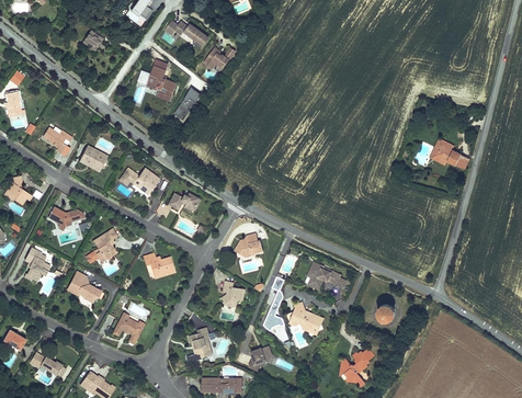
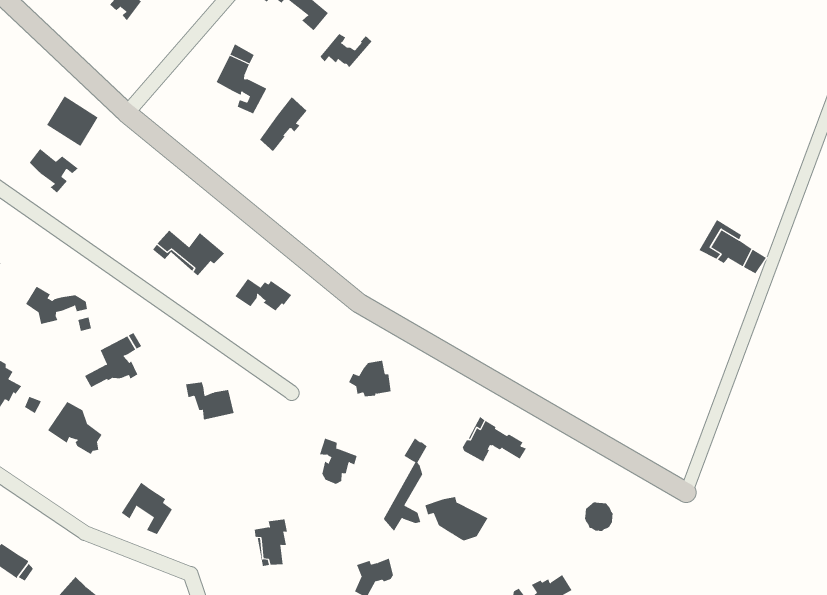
building: [79,145,109,173] -> [46,96,99,147]

